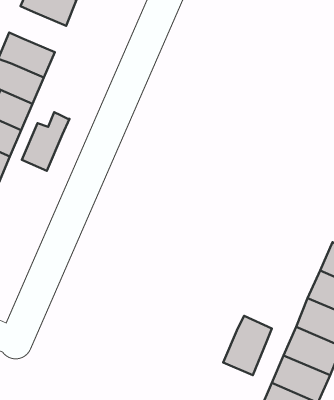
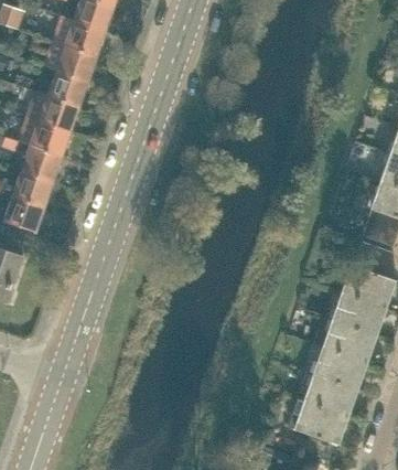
building: none -> [47,71,88,107]
building: [22,112,69,171] -> none
building: [223,316,272,375] -> none

